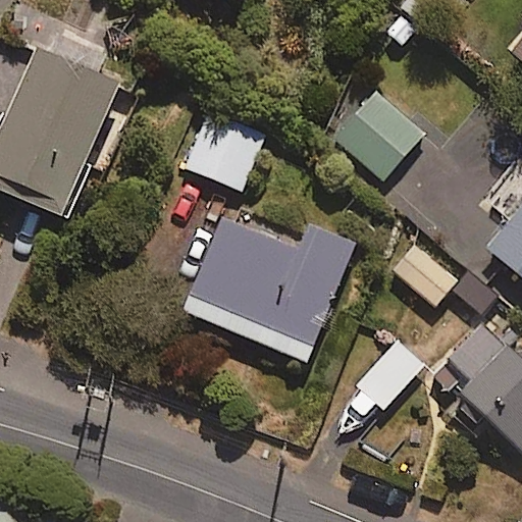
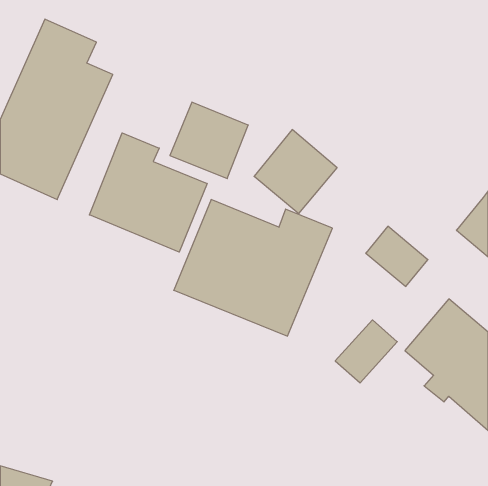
building: [335,92,424,181] -> [254,130,337,214]
building: none -> [89,133,207,252]

